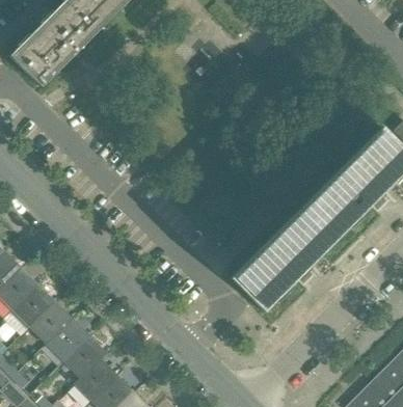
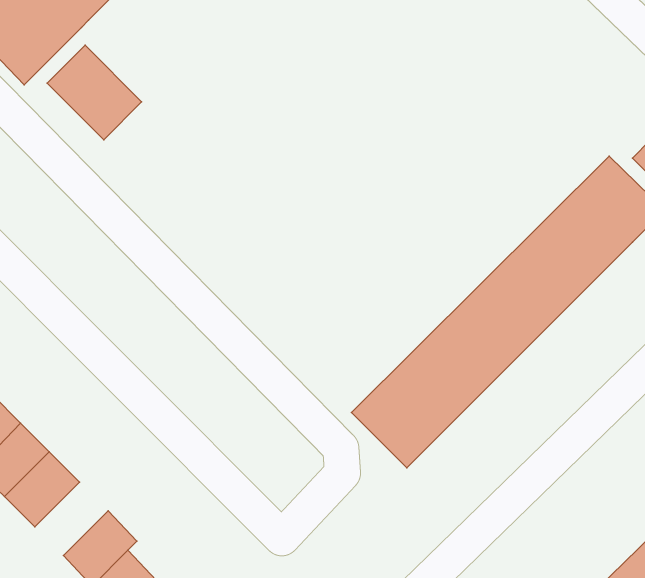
building: none -> [47,45,142,140]
building: [47,319,89,361] -> none

